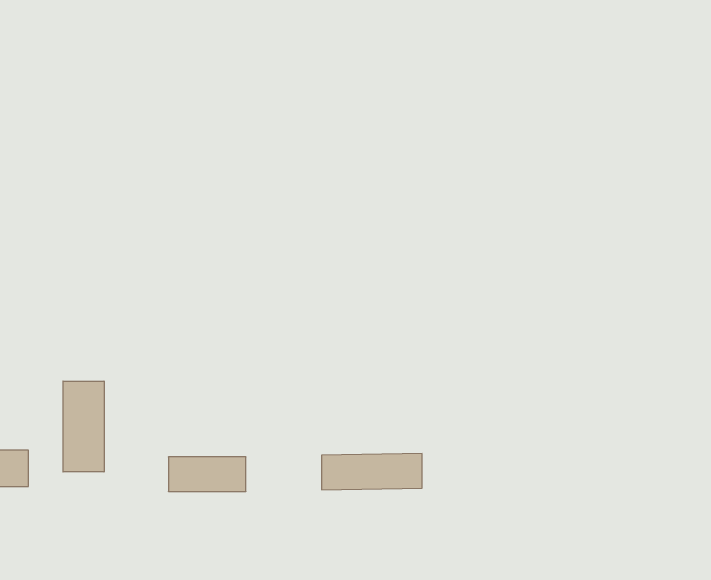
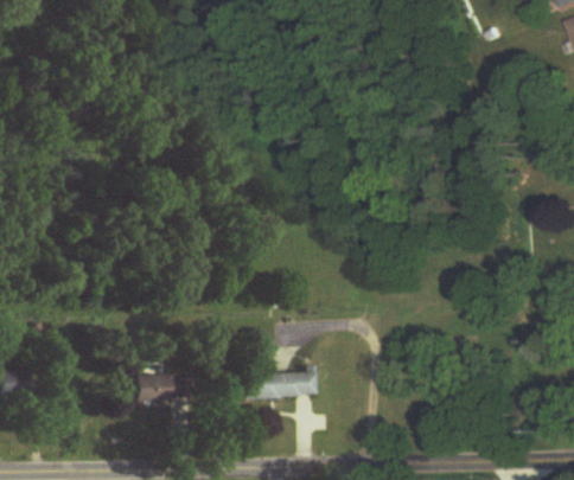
building: [63,381,104,472] -> none

